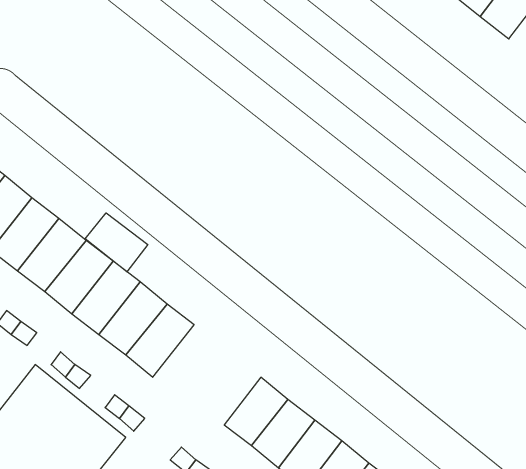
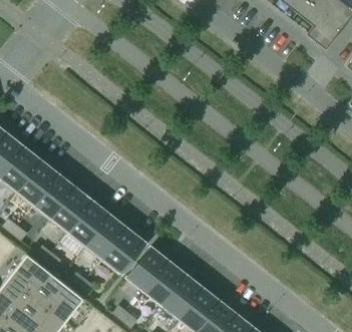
building: [85,213,148,272] -> none
building: none -> [101,228,145,275]
building: none -> [128,247,169,291]

